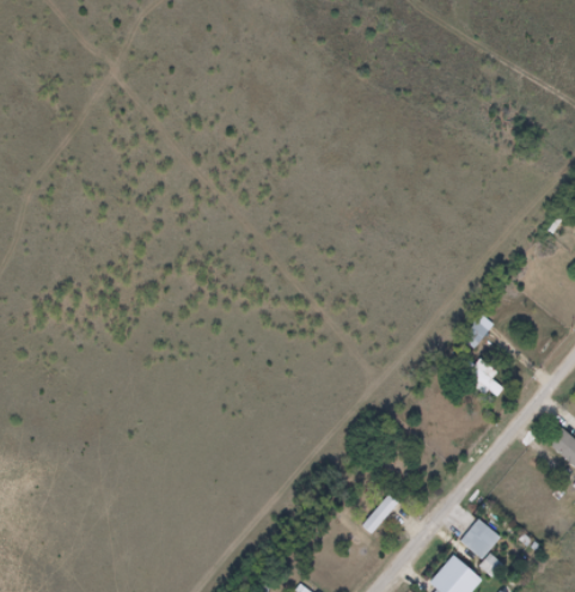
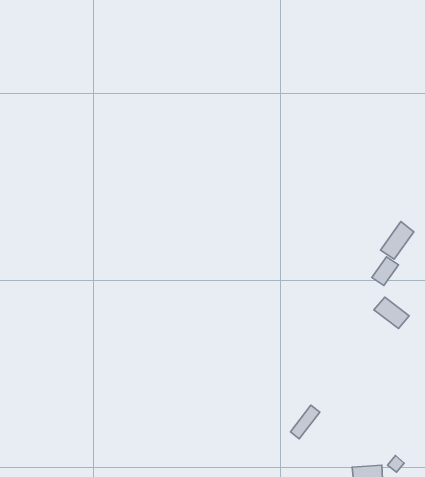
building: none -> [381,222,414,259]
building: [460,519,501,560] -> none

